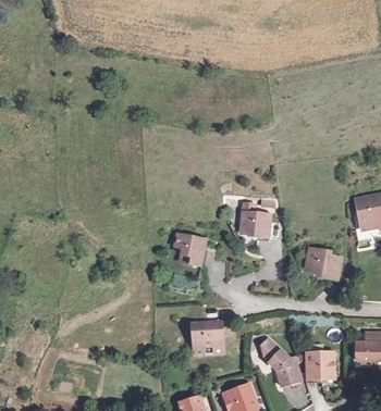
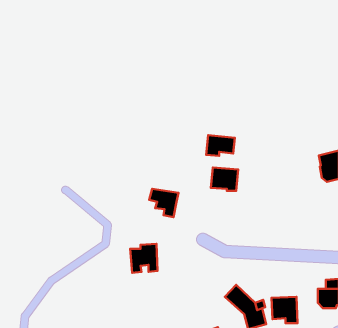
building: none -> [206,135,235,156]
building: [305,248,341,281] -> none
building: [193,323,222,354] -> [130,244,158,273]

